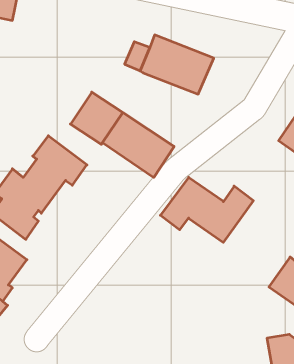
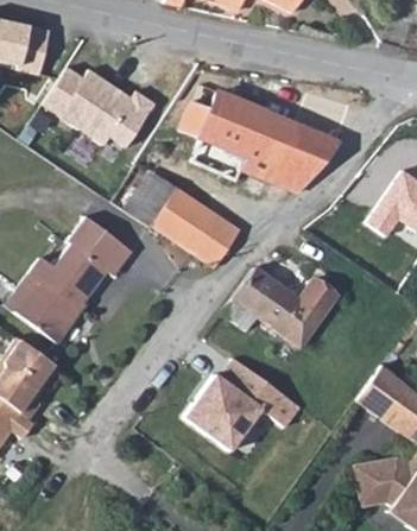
building: none -> [43,68,157,148]
building: none -> [192,121,340,191]
building: none -> [183,371,301,451]

